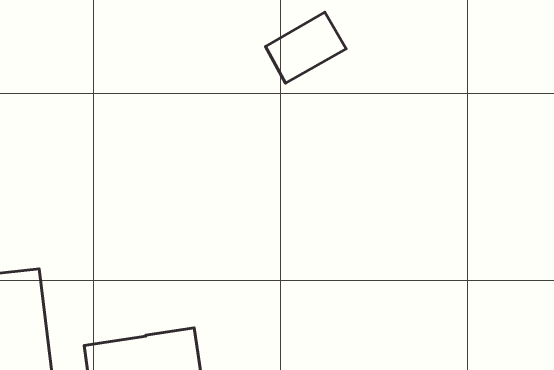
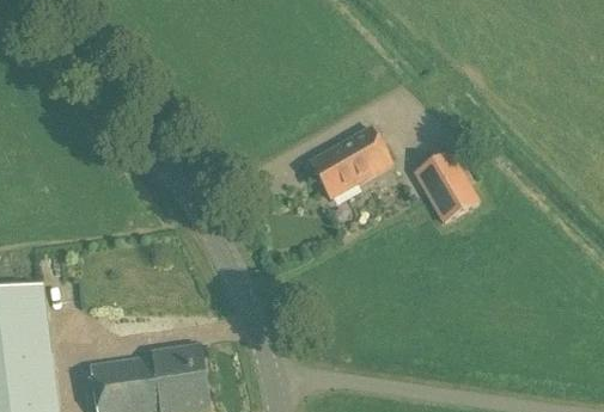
building: [265,12,346,83] -> [310,127,391,198]
building: none -> [414,149,480,222]

